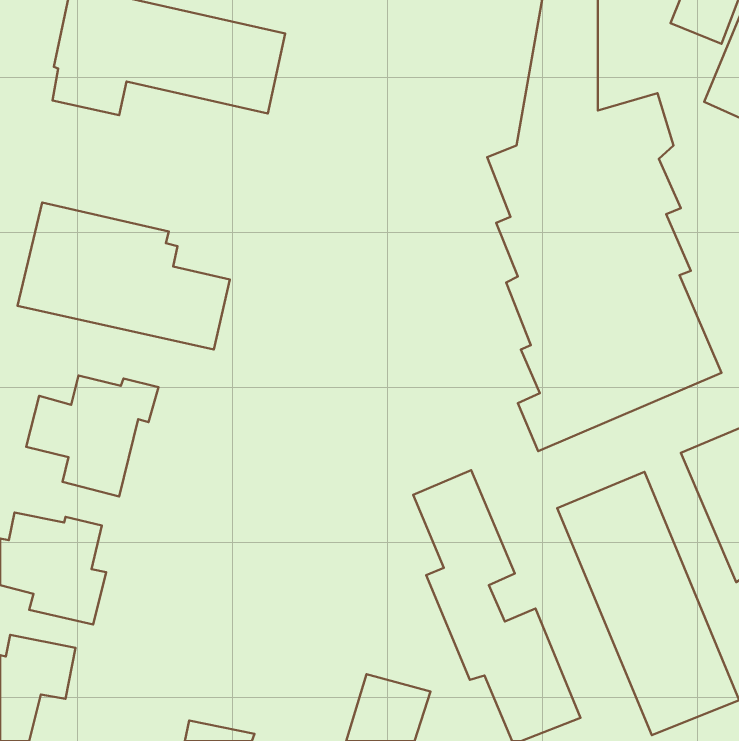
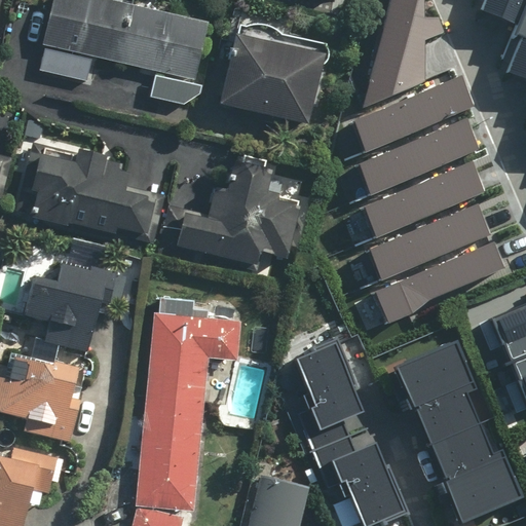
building: none -> [216,37,320,125]
building: none -> [160,163,298,267]
building: none -> [137,314,238,511]

